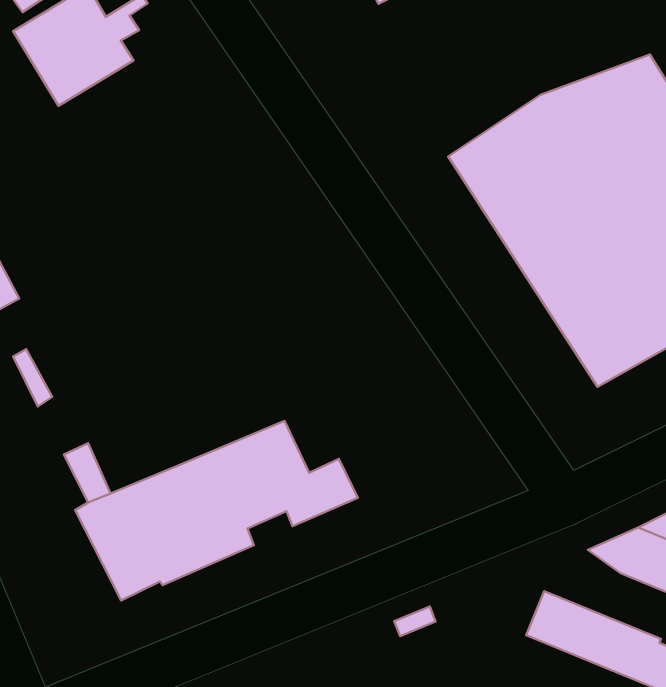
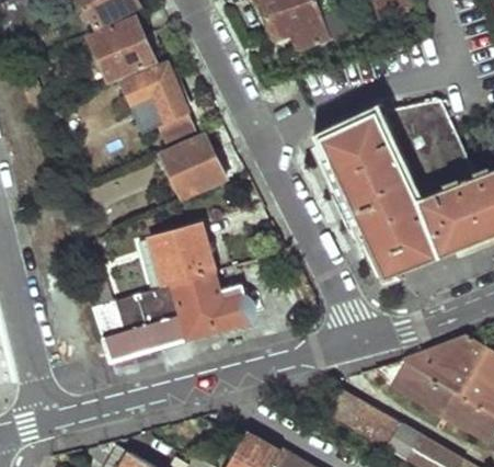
building: none -> [122,64,194,145]
building: none -> [160,134,222,198]
building: none -> [133,226,210,291]

